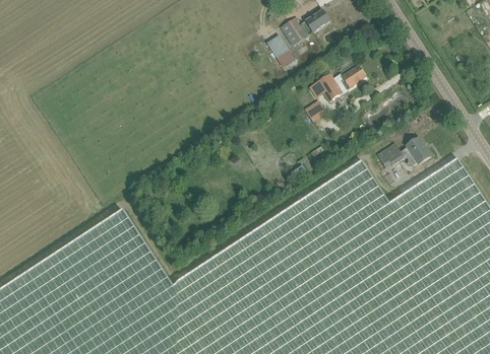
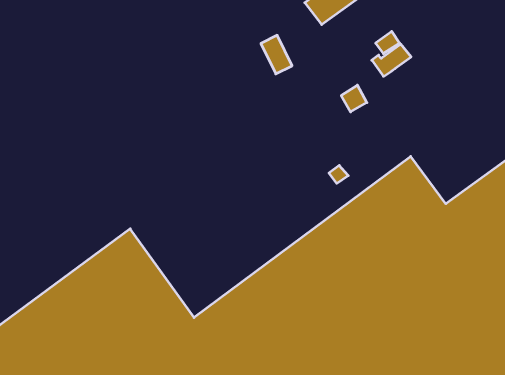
building: [269,34,295,67] -> [261,35,292,74]
building: [317,74,344,102] -> none
building: [383,138,432,166] -> none

